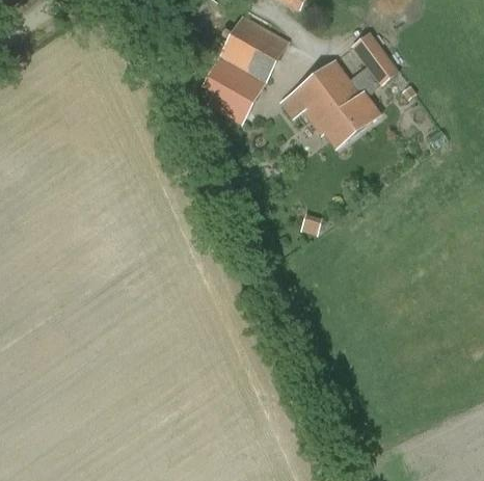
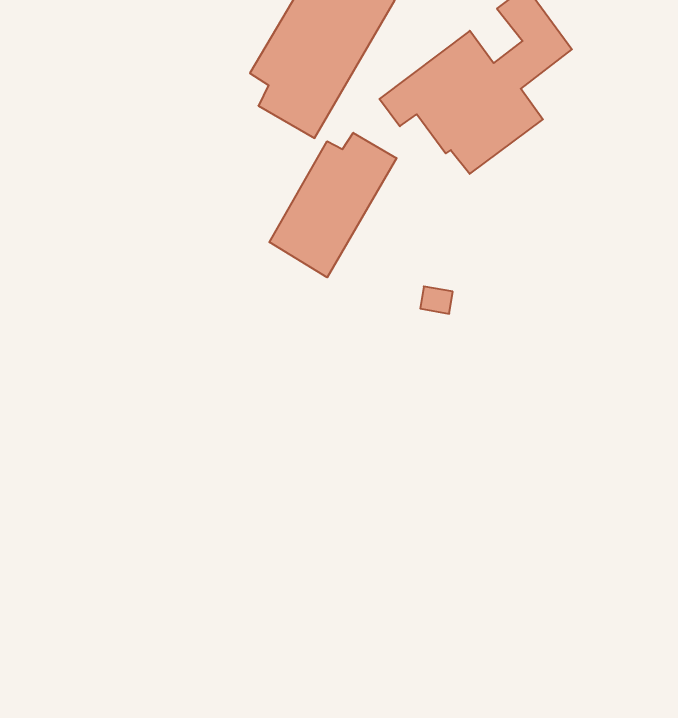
building: none -> [269,133,397,277]

